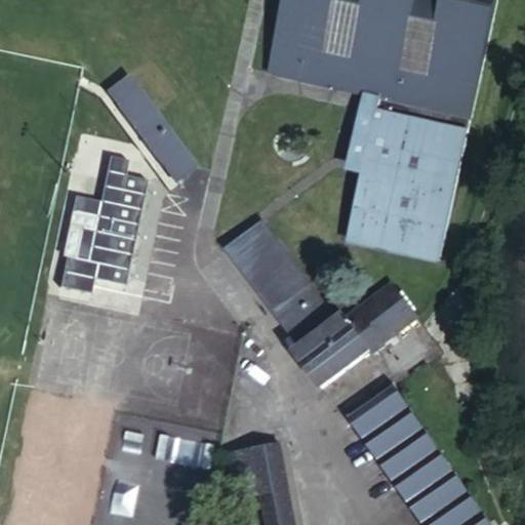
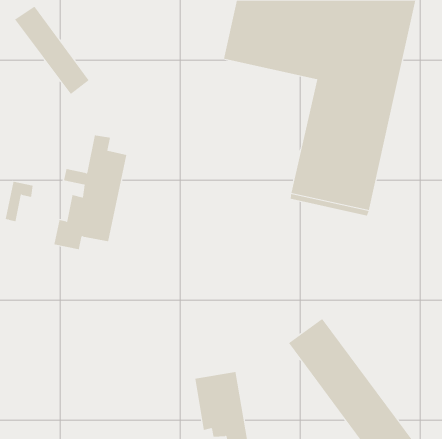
building: [107,72,196,177] -> [14,6,89,95]
building: [66,217,99,266] -> [5,181,33,222]
building: [221,219,412,386] -> none

